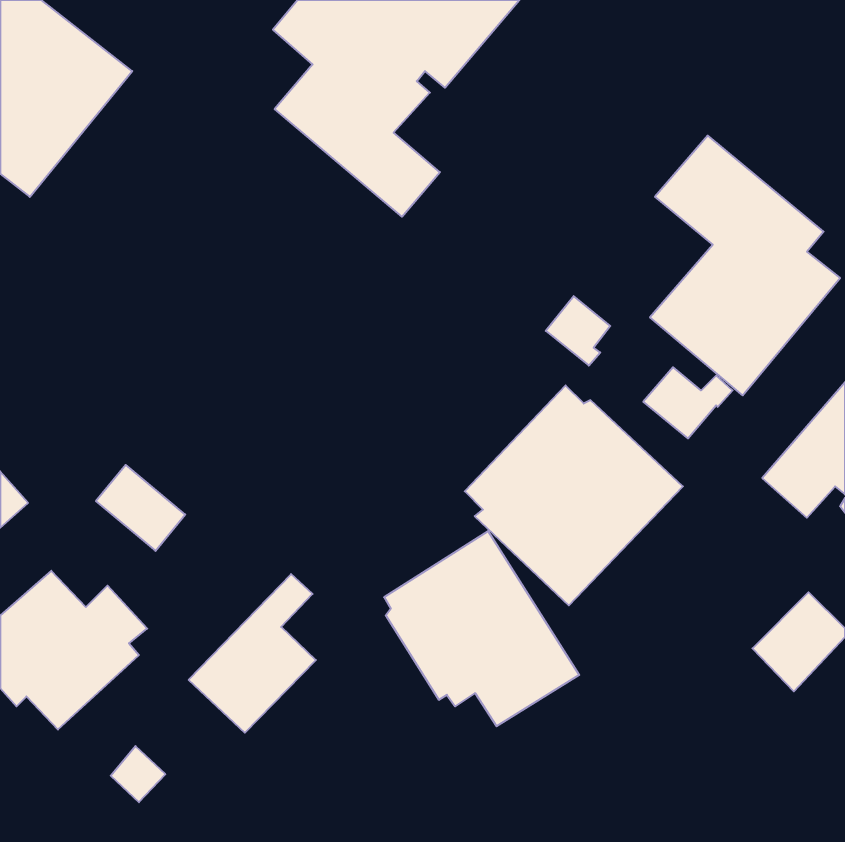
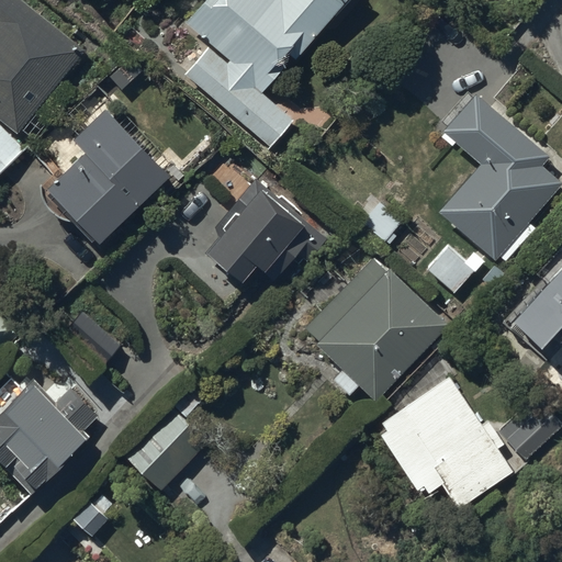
building: none -> [48,105,173,243]
building: none -> [206,179,327,284]
building: [384,531,579,726] -> [383,375,513,505]

